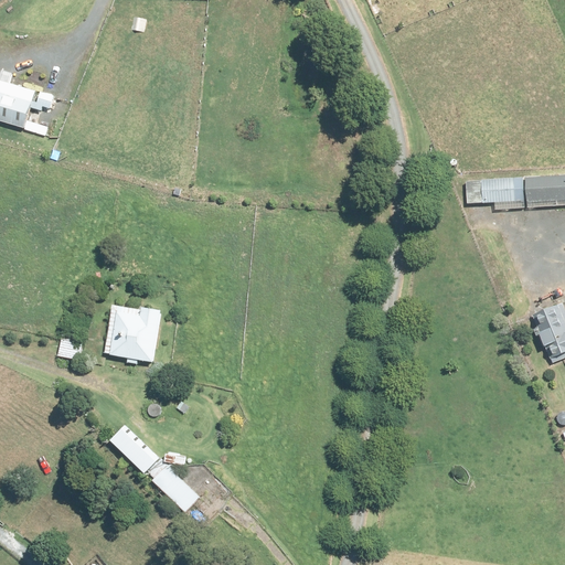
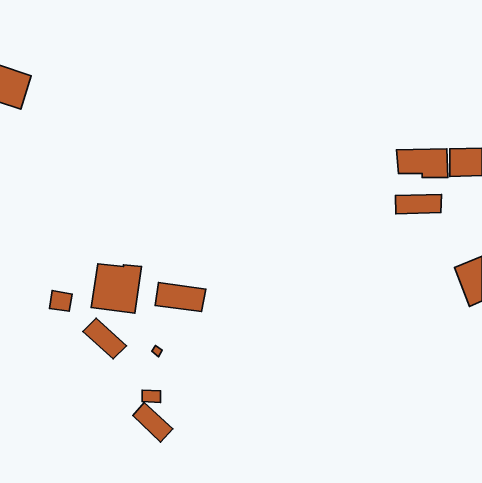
building: none -> [396,195,441,214]
building: none -> [155,282,206,311]
building: [113,429,163,477] -> [83,318,127,359]

